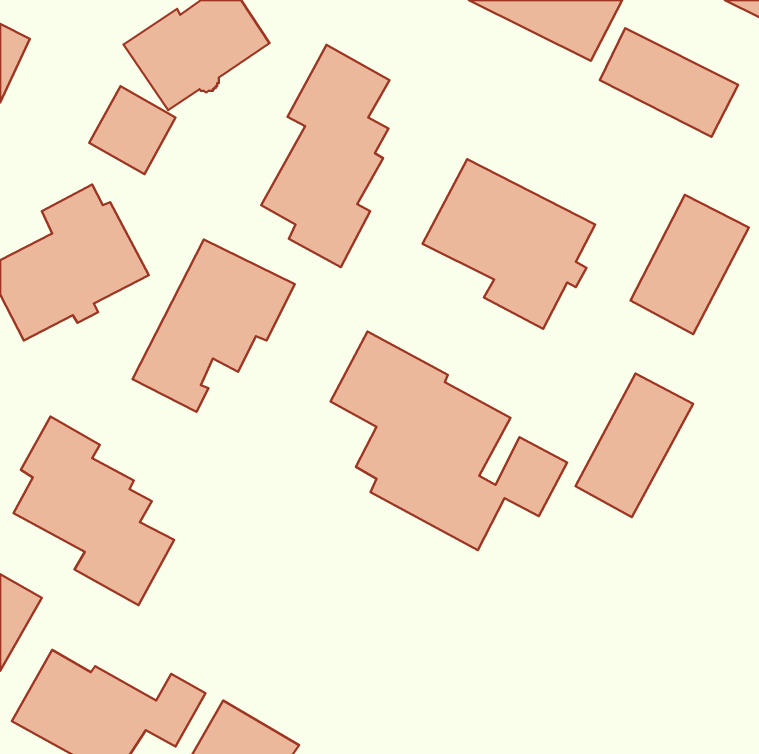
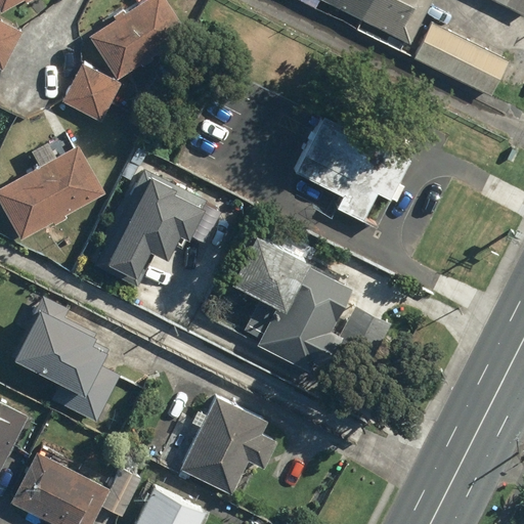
building: [261,45,389,267] -> none
building: [630,195,749,334] -> none
building: [575,373,693,517] -> none
building: none -> [179,394,275,494]

